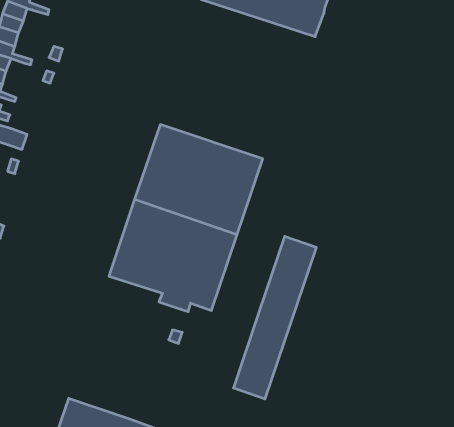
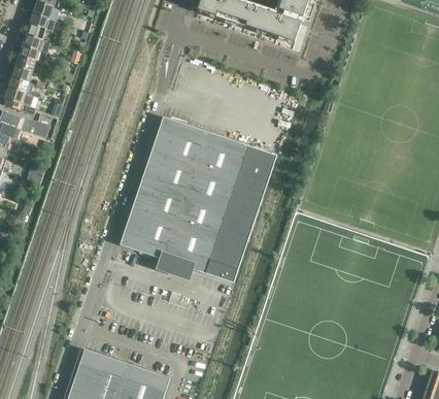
building: [233,236,316,399] -> [206,146,276,284]

